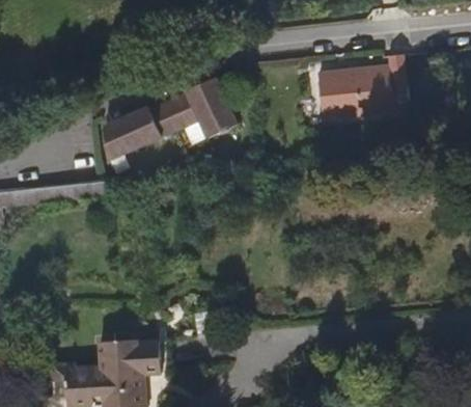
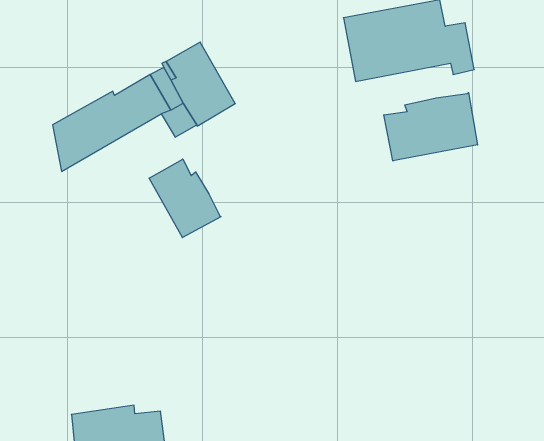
building: none -> [384,93,478,161]
building: none -> [149,159,221,238]

